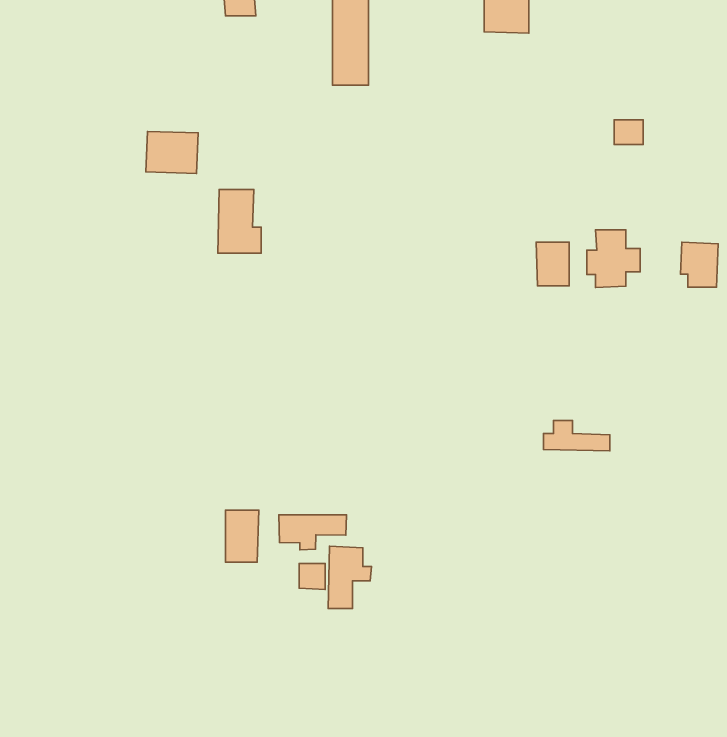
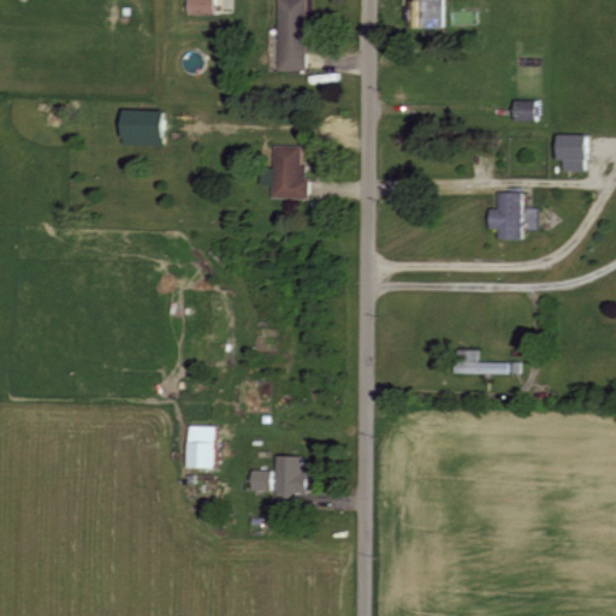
building: [218,190,261,253] -> [271,144,307,197]
building: [536,242,569,286] -> none
building: [680,242,718,287] -> [556,134,587,171]
building: [279,515,346,550] -> none

